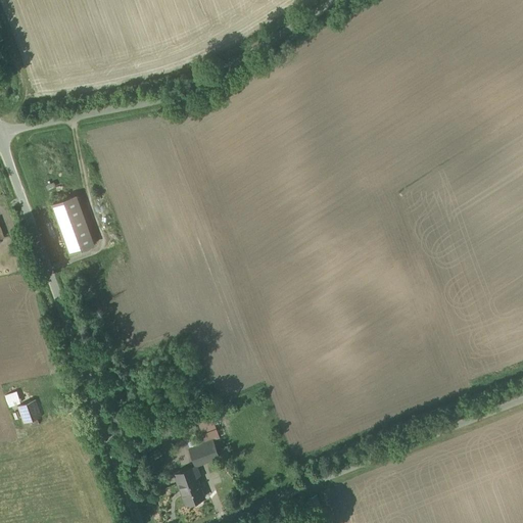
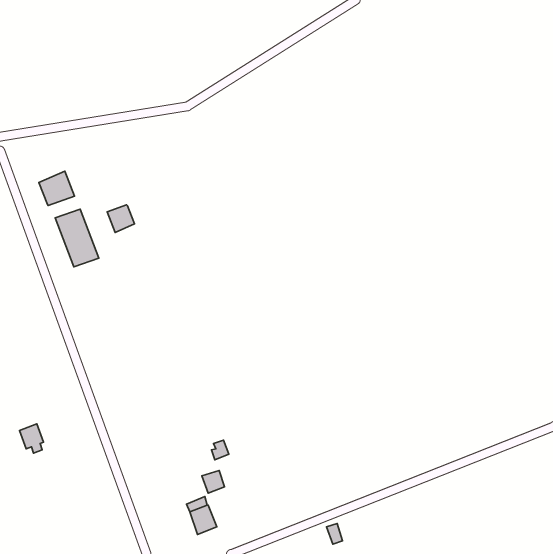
building: none -> [39,171,74,206]
building: none -> [107,205,134,232]

